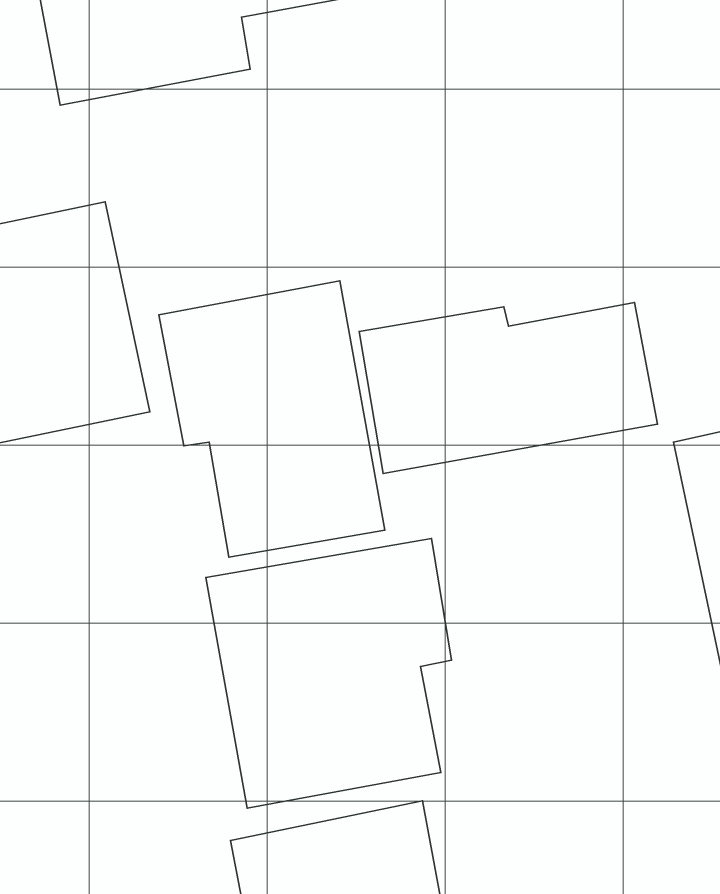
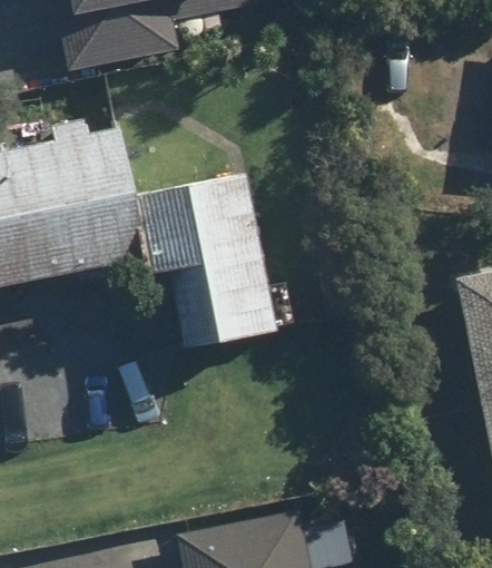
building: [359,303,658,474] -> none
building: [206,538,451,808] -> none

